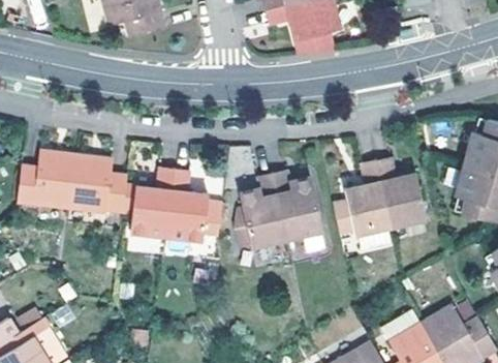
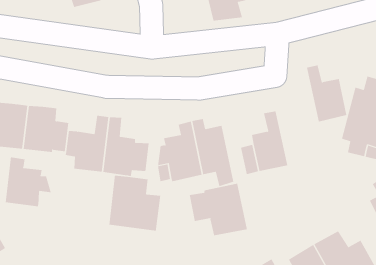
building: [376,158,426,228] -> [306,65,347,122]
building: none -> [5,156,52,207]
building: none -> [109,175,161,232]
building: none -> [189,183,248,236]

